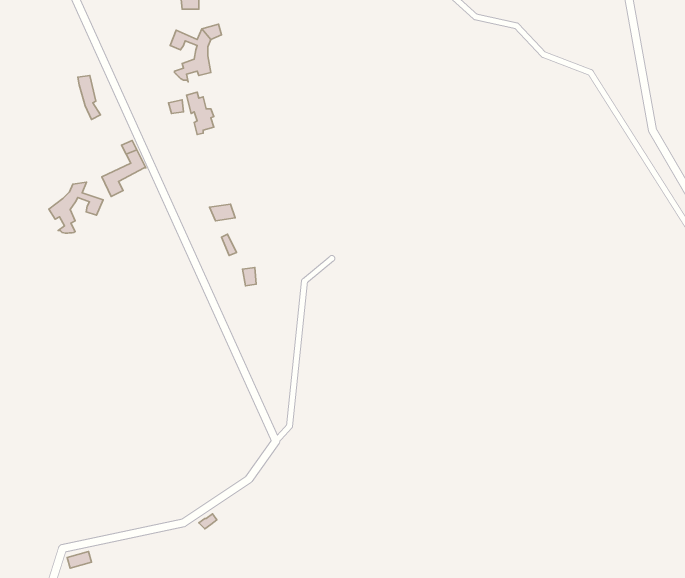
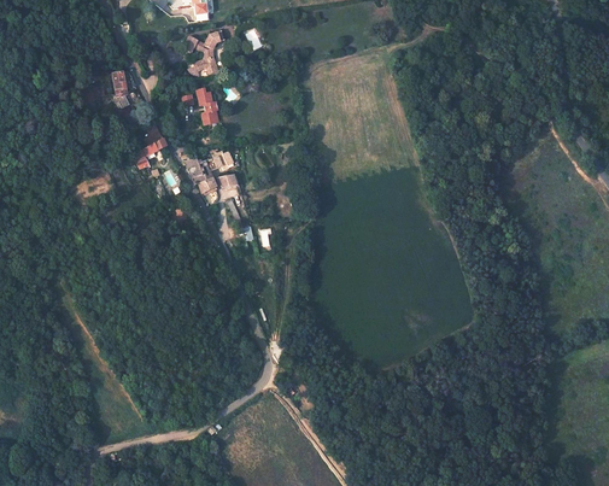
building: none -> [182,152,232,193]
building: [49,182,103,233] -> none

